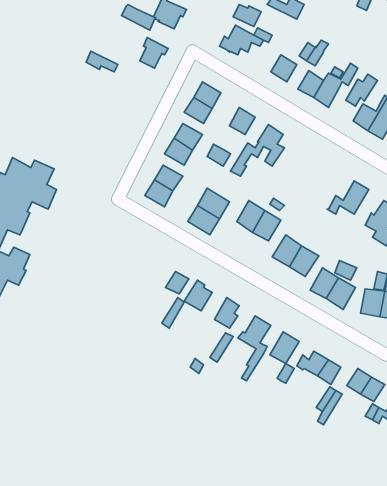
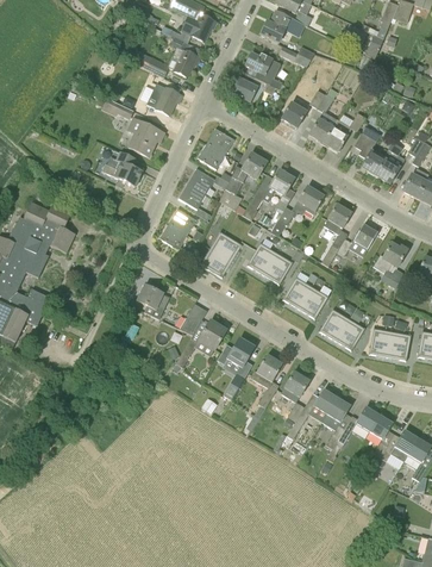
building: none -> [126,118,164,156]
building: none -> [102,150,143,186]
building: none -> [270,186,324,236]
building: none -> [325,204,351,251]
building: none -> [138,285,167,318]

